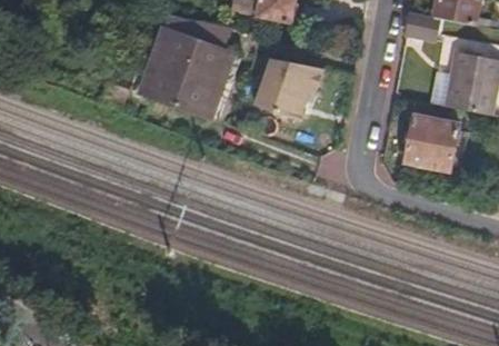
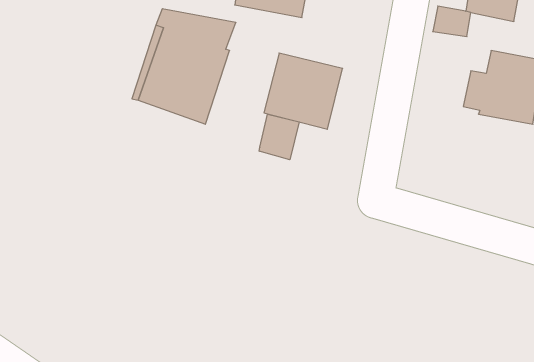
building: none -> [259,114,299,160]
building: [405,116,458,171] -> none

